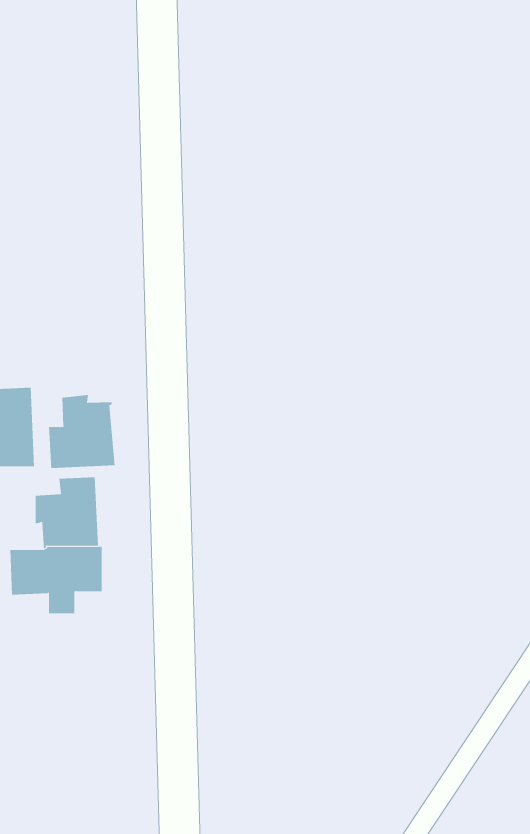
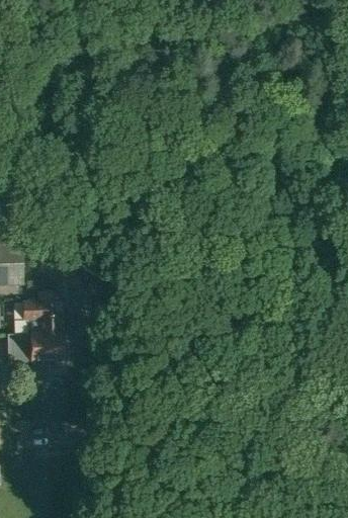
building: [49,394,115,469] -> none

